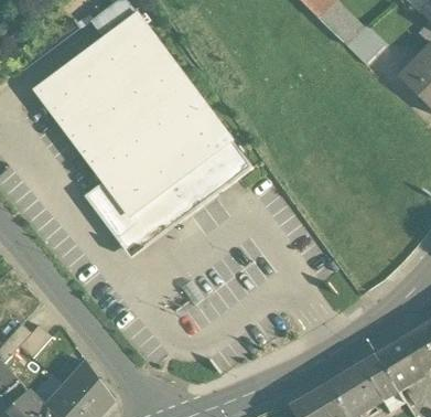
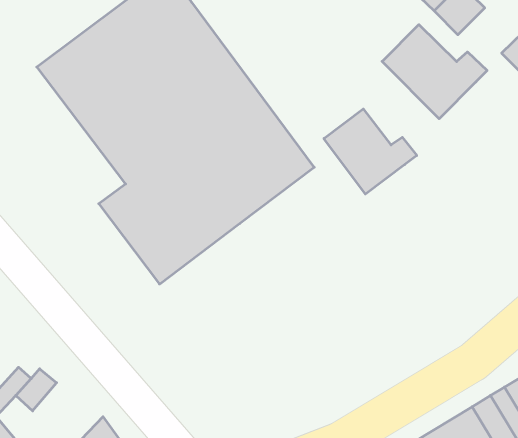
building: none -> [382,25,487,119]
building: none -> [324,109,417,194]

